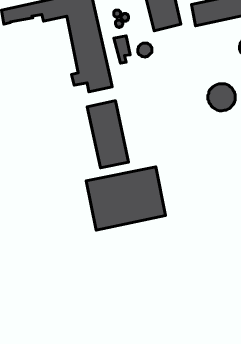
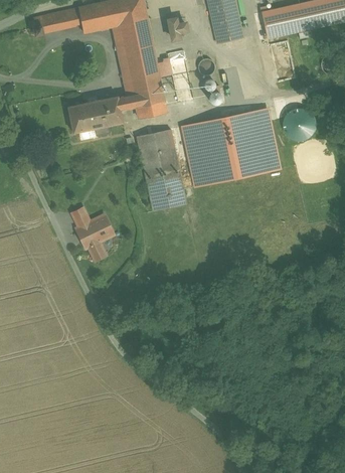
building: none -> [67,96,122,138]
building: [86,167,166,230] -> [182,109,279,186]
building: none -> [75,214,113,260]

